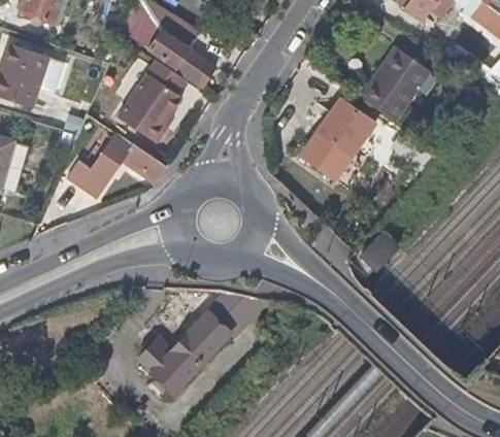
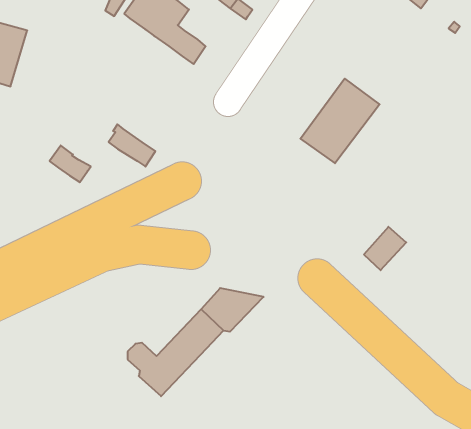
building: [364,45,432,115] -> none
building: [116,60,187,142] -> none
building: [90,137,130,181] -> none

